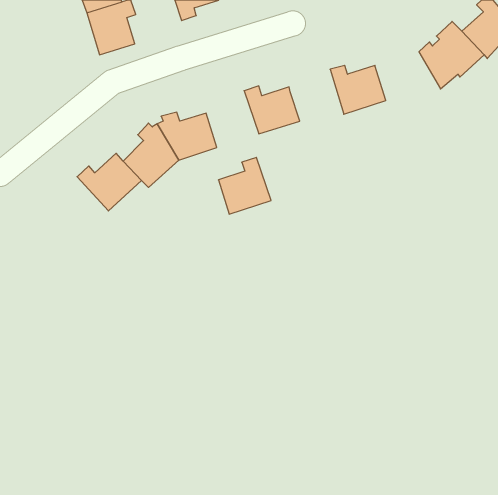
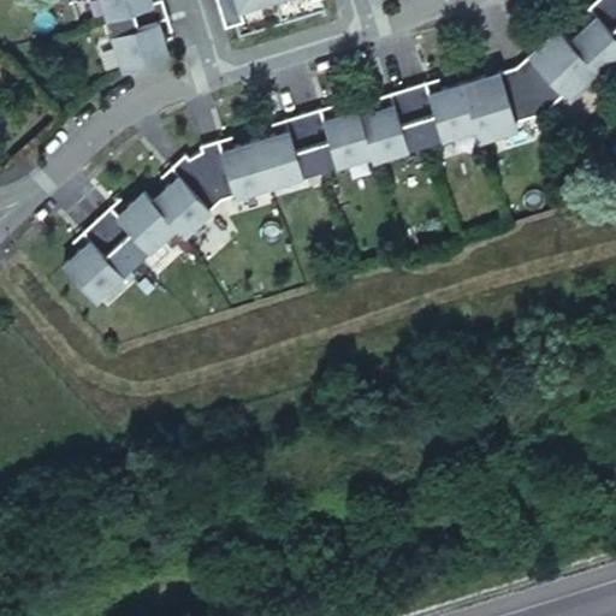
building: none -> [463,69,544,140]
building: none -> [359,90,425,161]
building: [218,157,271,214] -> [255,117,320,186]
building: none -> [64,223,135,302]

